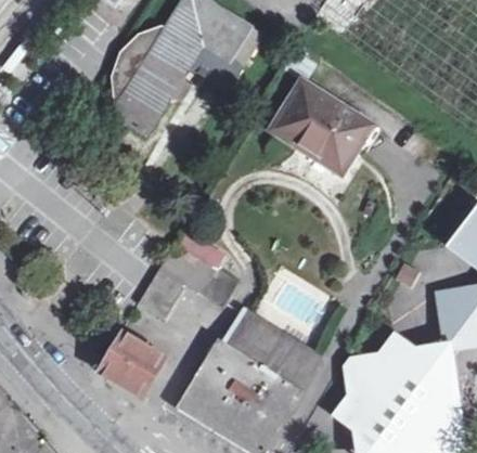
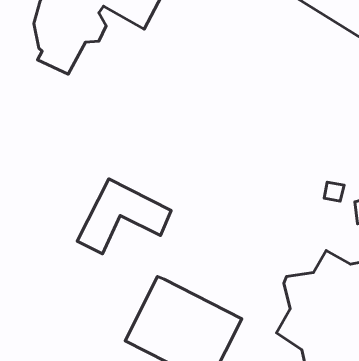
building: [274,78,368,168] -> none
building: [224,314,324,396] -> none
building: [101,333,166,394] -> none

